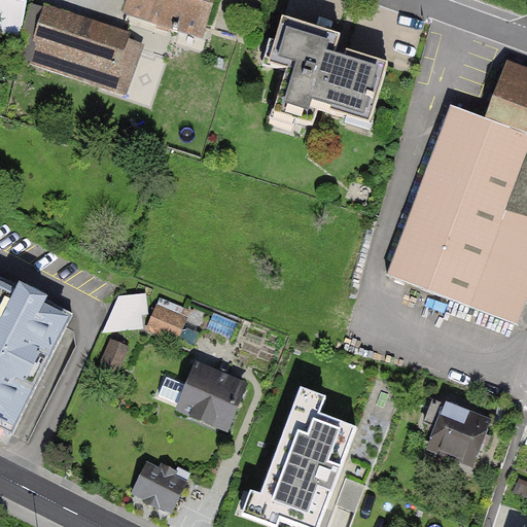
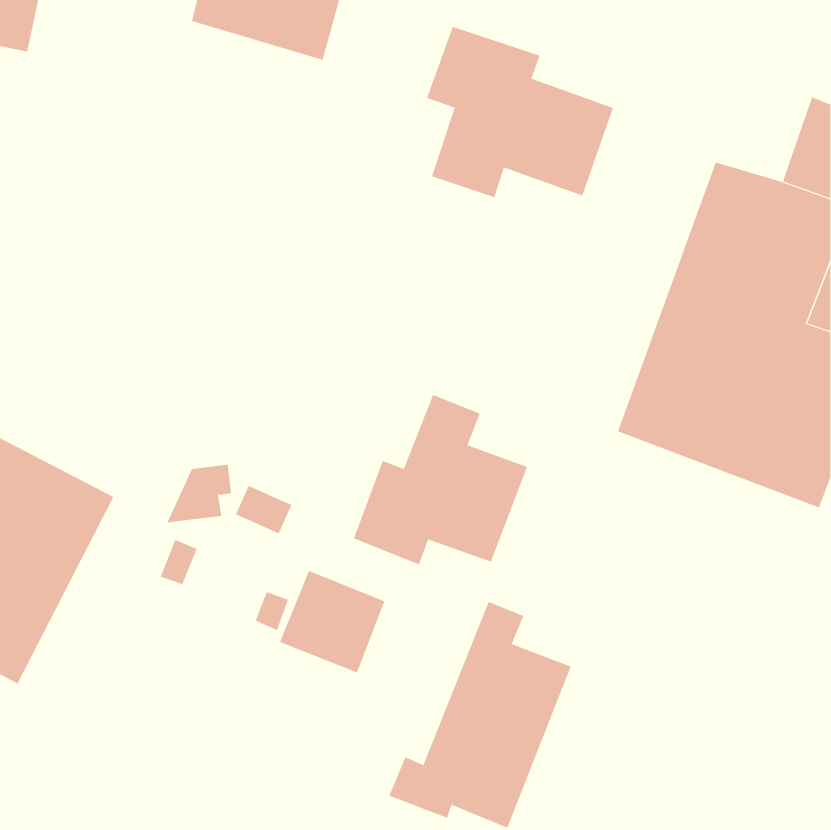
building: [30,7,135,87] -> none
building: none -> [353,394,528,565]
building: [430,397,501,463] -> none
building: [135,464,184,511] -> none

